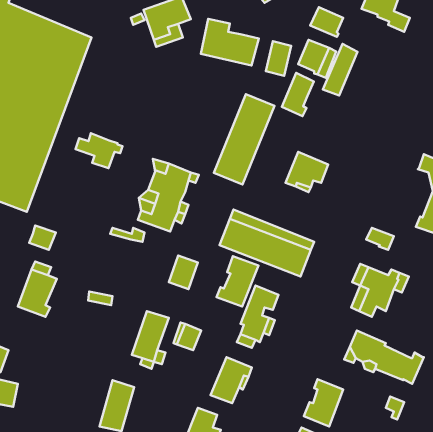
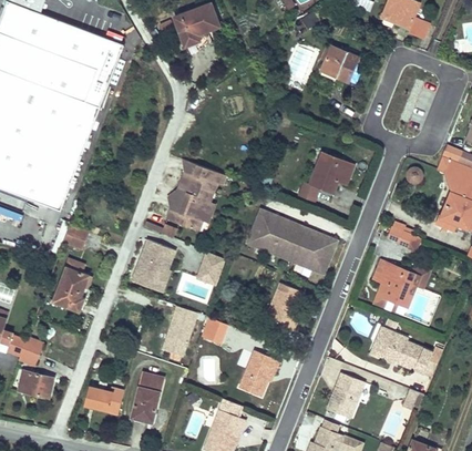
building: [310,7,343,37] -> none
building: [201,19,259,66] -> none
building: [323,44,357,96] -> none
building: [282,73,314,116] -> none
building: [214,94,274,185] -> none
building: [76,133,122,168] -> none
building: none -> [133,239,175,291]
building: [216,256,259,307] -> none
building: none -> [86,387,123,412]

